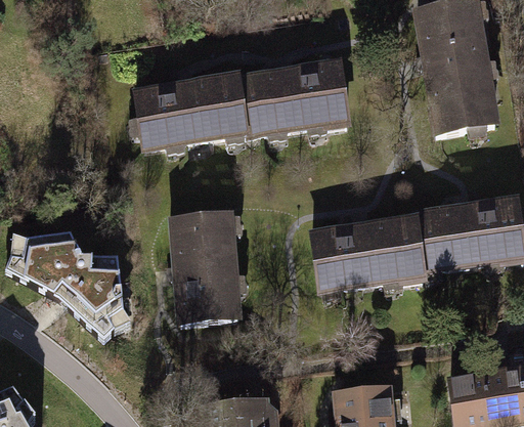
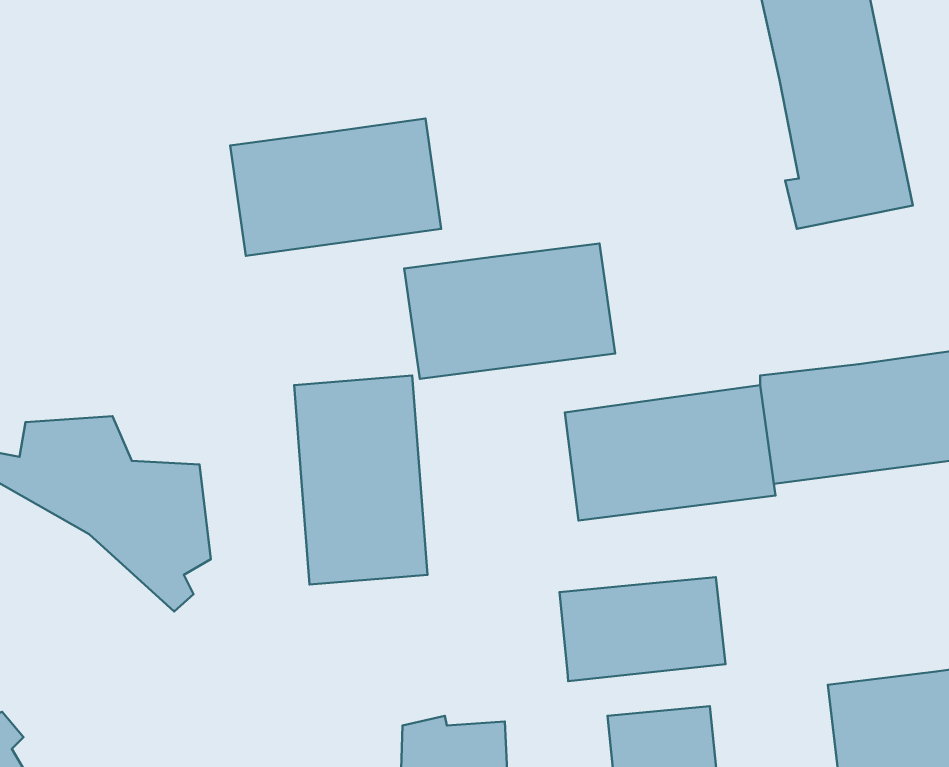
building: [238,62,350,134] -> [404,243,615,379]
building: none -> [560,577,725,681]

